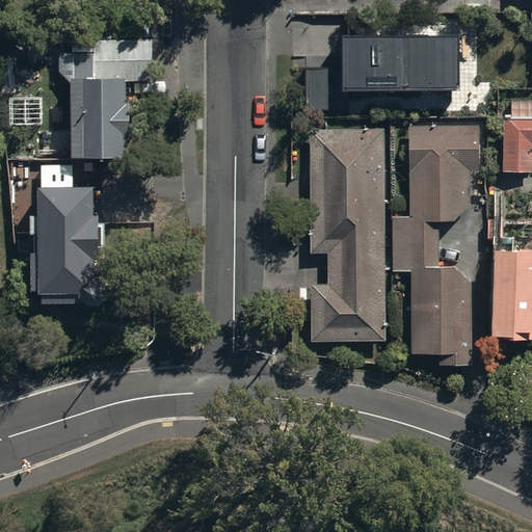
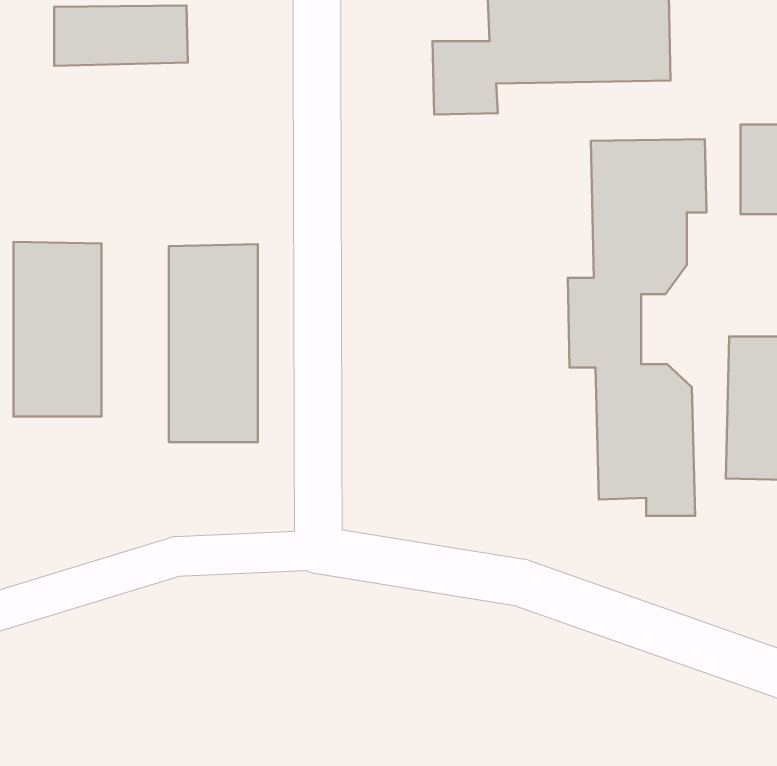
building: [70,83,127,163] -> none
building: [312,131,387,342] -> none
building: none -> [169,244,258,442]

